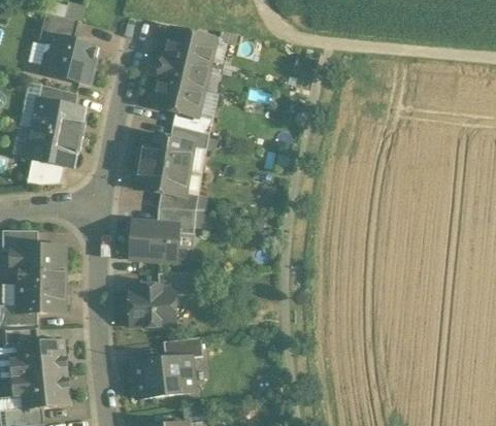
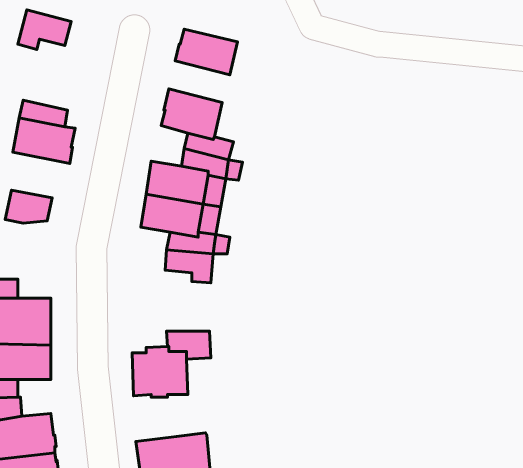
building: [44,36,96,85] -> none
building: [160,54,209,88] -> none
building: [28,128,79,167] -> none
building: [130,223,178,261] -> none
building: [164,337,202,359] -> none

